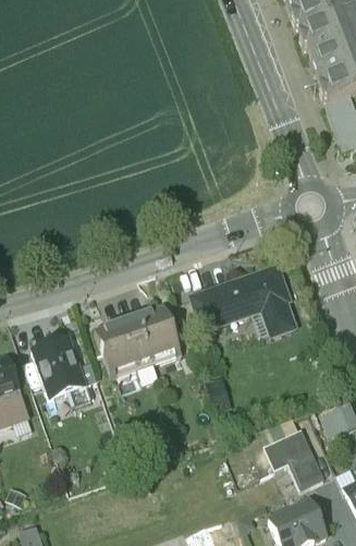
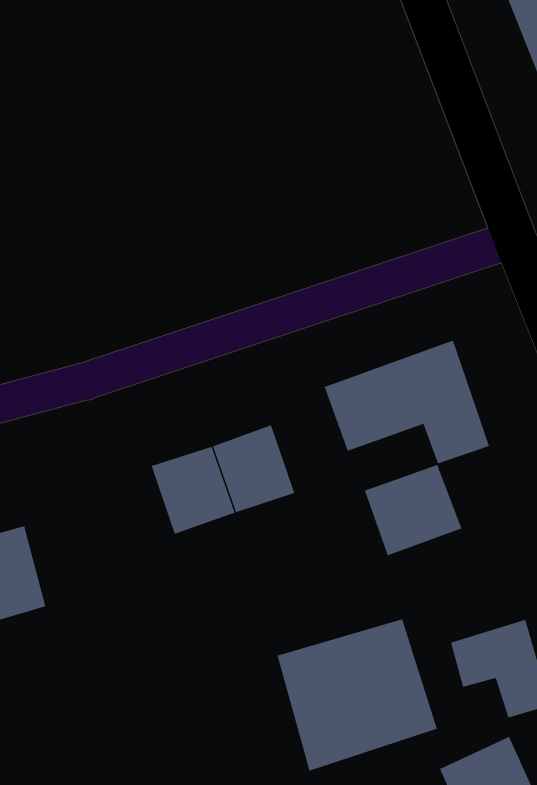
building: [28,331,89,408] -> none
building: none -> [364,464,462,556]
building: none -> [277,619,437,772]

